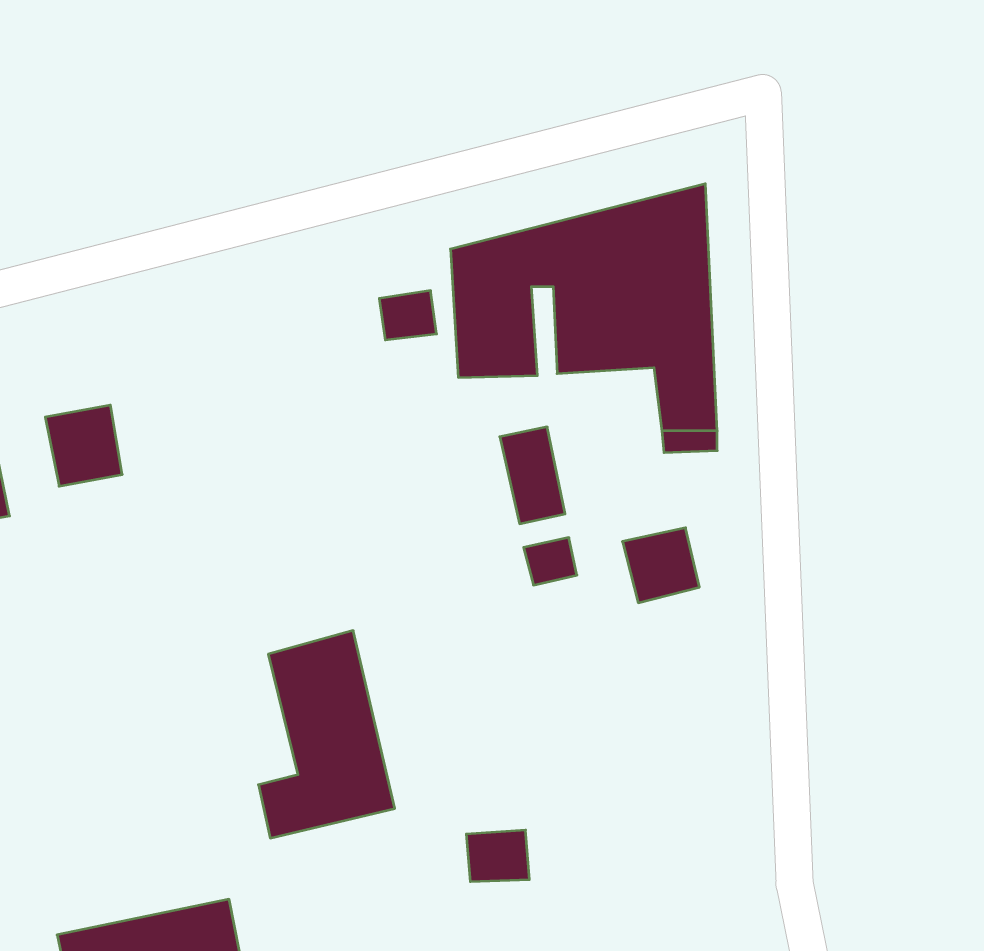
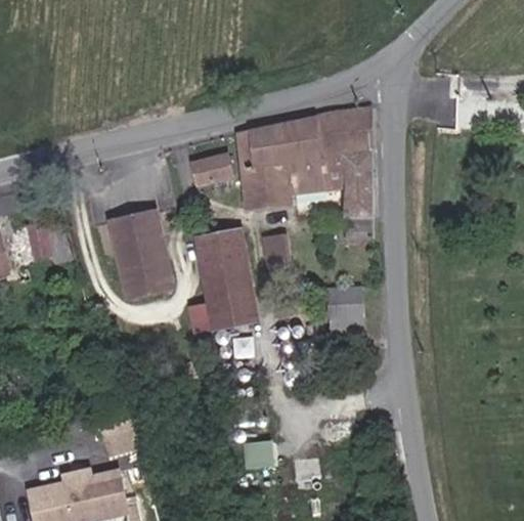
building: none -> [116,208,177,291]
building: [258,631,395,838] -> [188,226,259,334]

